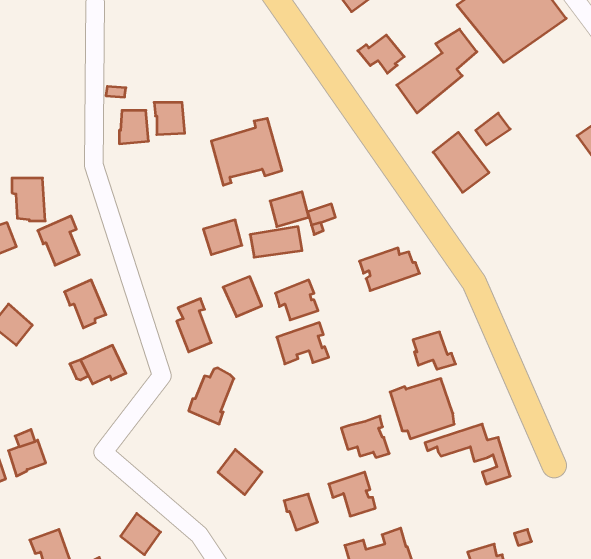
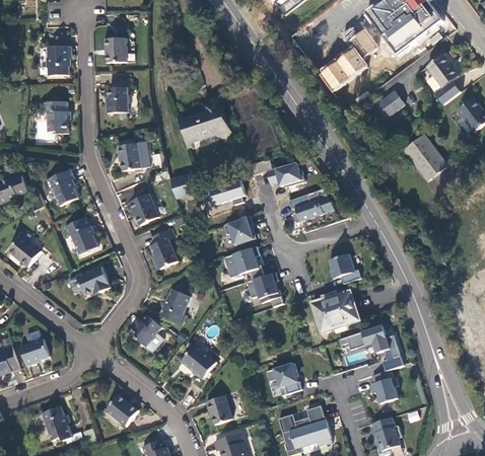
building: [358,35,404,73] -> none
building: none -> [45,45,69,74]
building: none -> [426,52,458,100]
building: [154,102,185,135] -> [105,39,128,63]
building: [433,132,489,192] -> [401,132,443,177]
building: [12,178,45,221] -> [41,101,66,134]
building: none -> [117,139,150,171]
building: [270,192,309,227] -> [274,156,303,182]
building: [223,277,262,317] -> [129,194,158,224]
building: none -> [130,314,161,346]
building: [341,416,389,457] -> [248,274,284,305]
building: none -> [370,370,398,403]
building: [284,494,318,530] -> [204,395,229,423]

